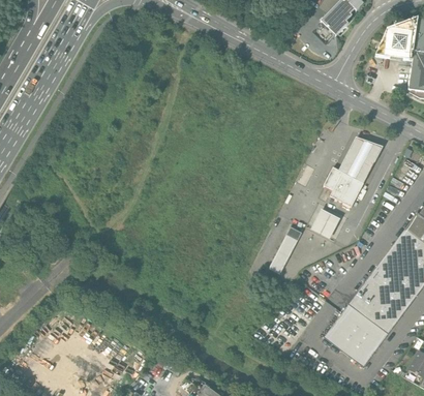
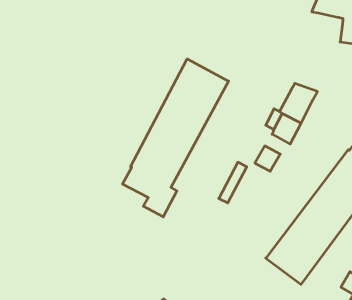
building: none -> [123,59,229,217]

